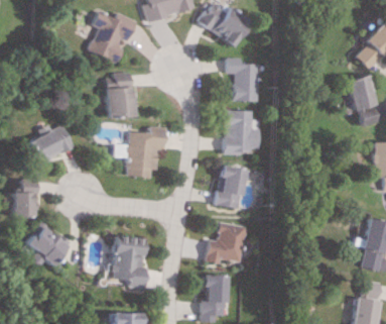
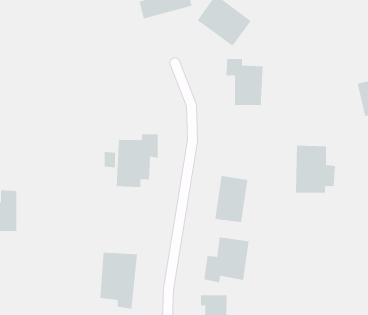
building: [90,11,137,63] -> none
building: [106,73,136,117] -> none
building: [224,110,261,154] -> [295,145,336,193]
building: [26,125,73,164] -> none
building: [22,224,67,266] -> none

